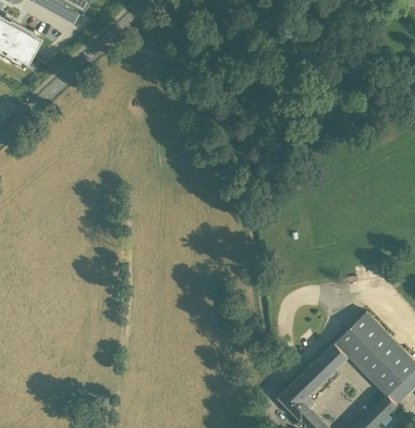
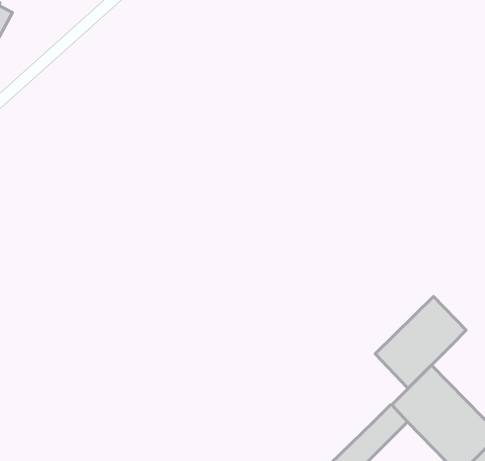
building: none -> [375,296,466,388]

